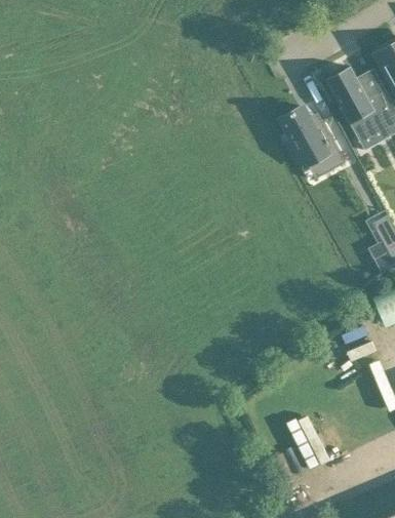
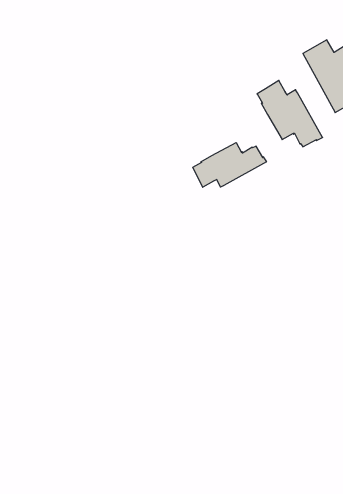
building: none -> [193,143,266,187]

